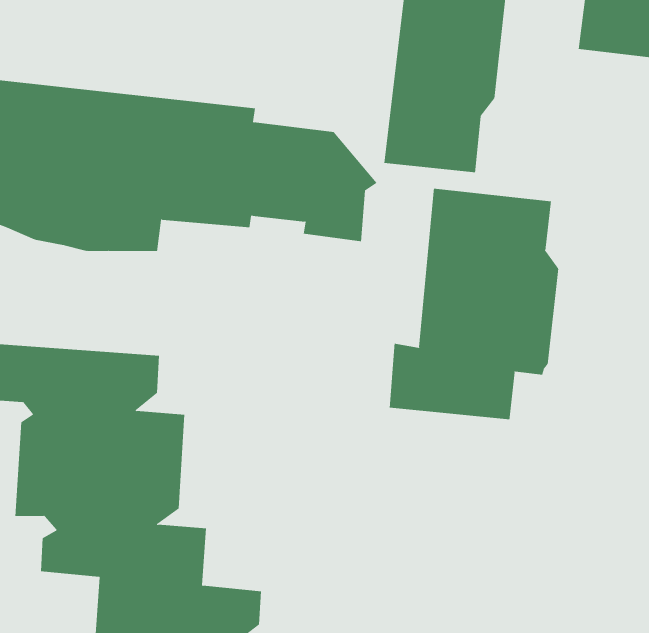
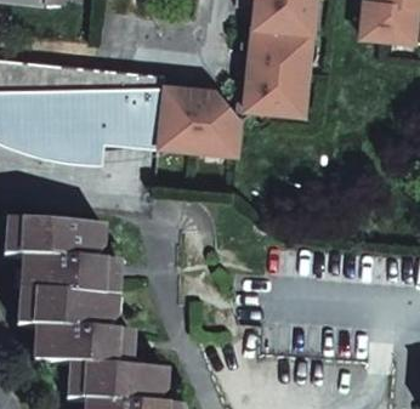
building: [389,188,559,420] -> none

